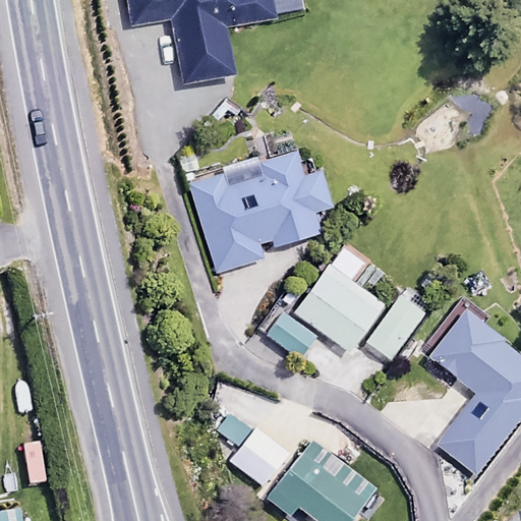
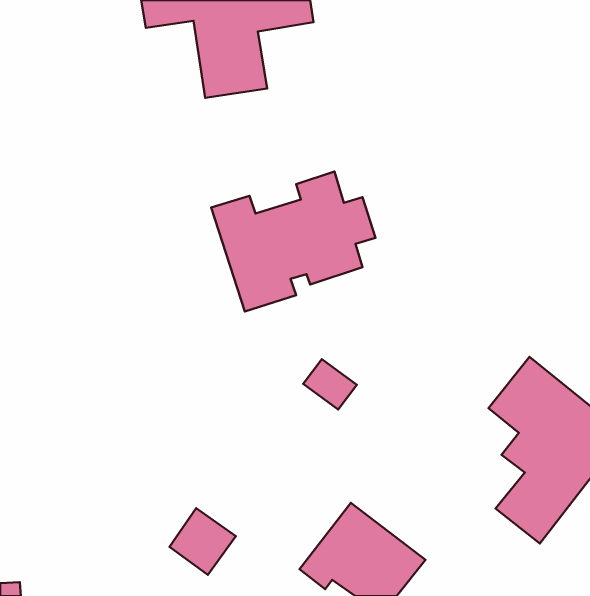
building: [295,265,385,351] -> none
building: [365,296,424,360] -> none
building: [230,425,288,483] -> [169,508,236,575]

